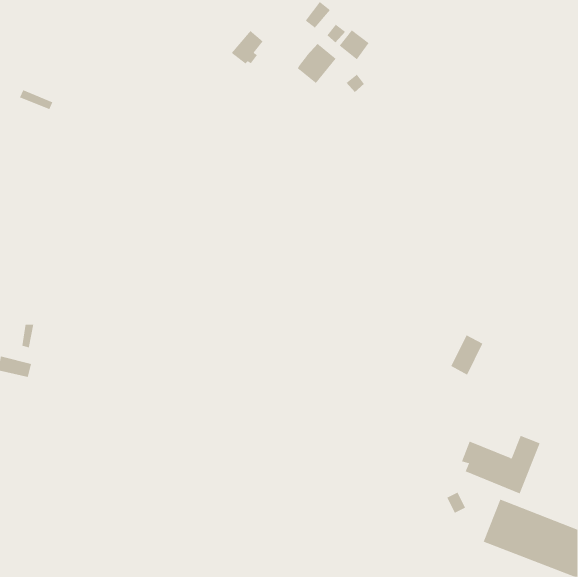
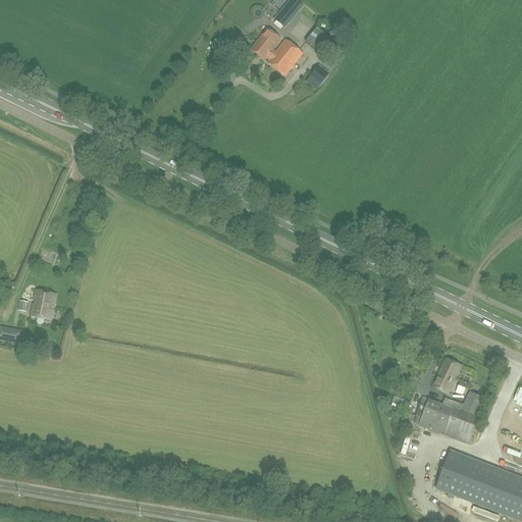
building: [231,30,264,64] -> [251,28,280,58]
building: none -> [31,289,56,317]
building: [450,335,483,375] -> [431,357,461,394]

